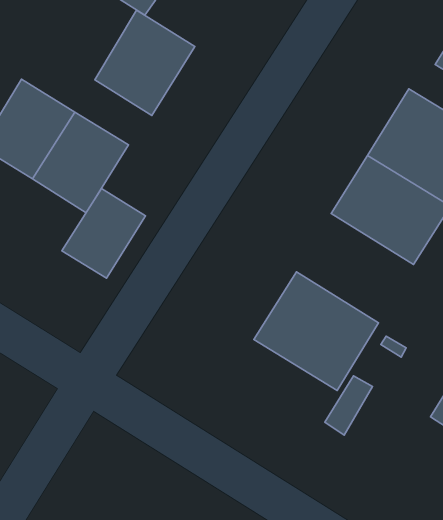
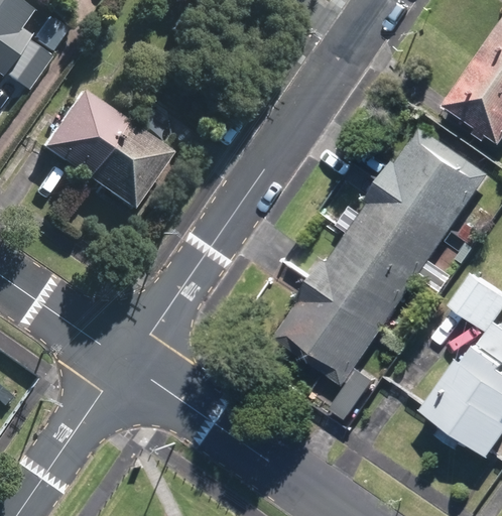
building: [95,10,195,115] -> none
building: [62,188,145,278] -> none
building: none -> [313,225,416,322]

